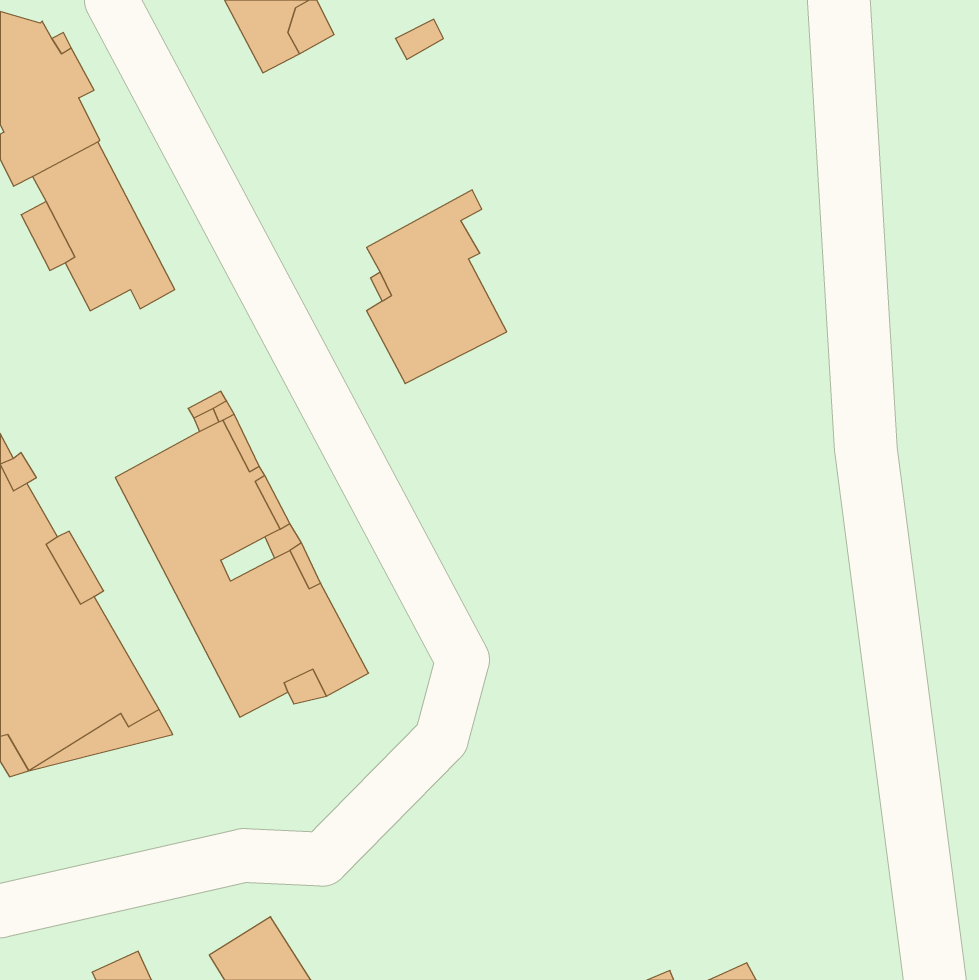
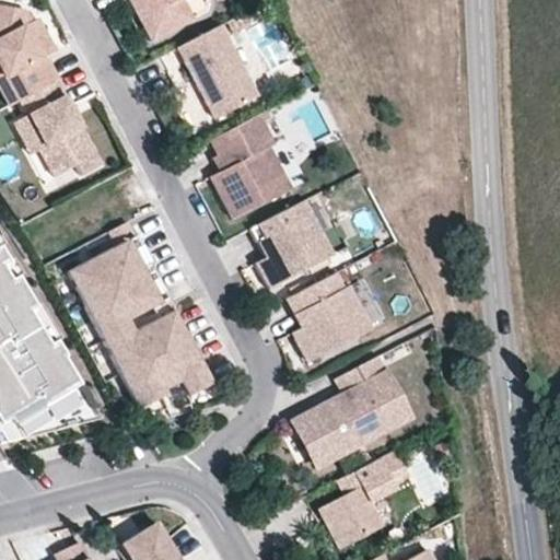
building: none -> [177,25,257,119]
building: none -> [254,200,334,290]
building: none -> [285,273,371,363]
building: none -> [294,357,409,465]
building: none -> [318,451,408,549]

